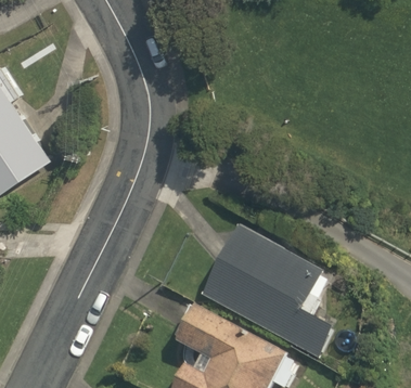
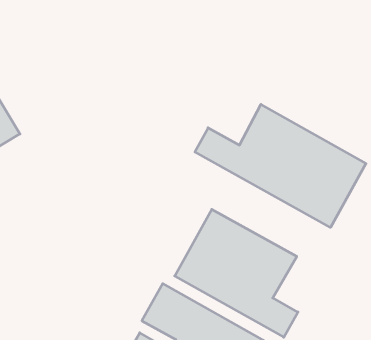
building: none -> [195,104,366,227]

